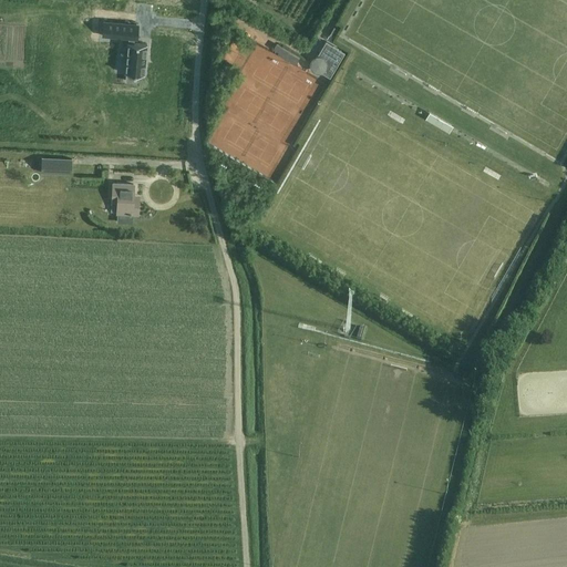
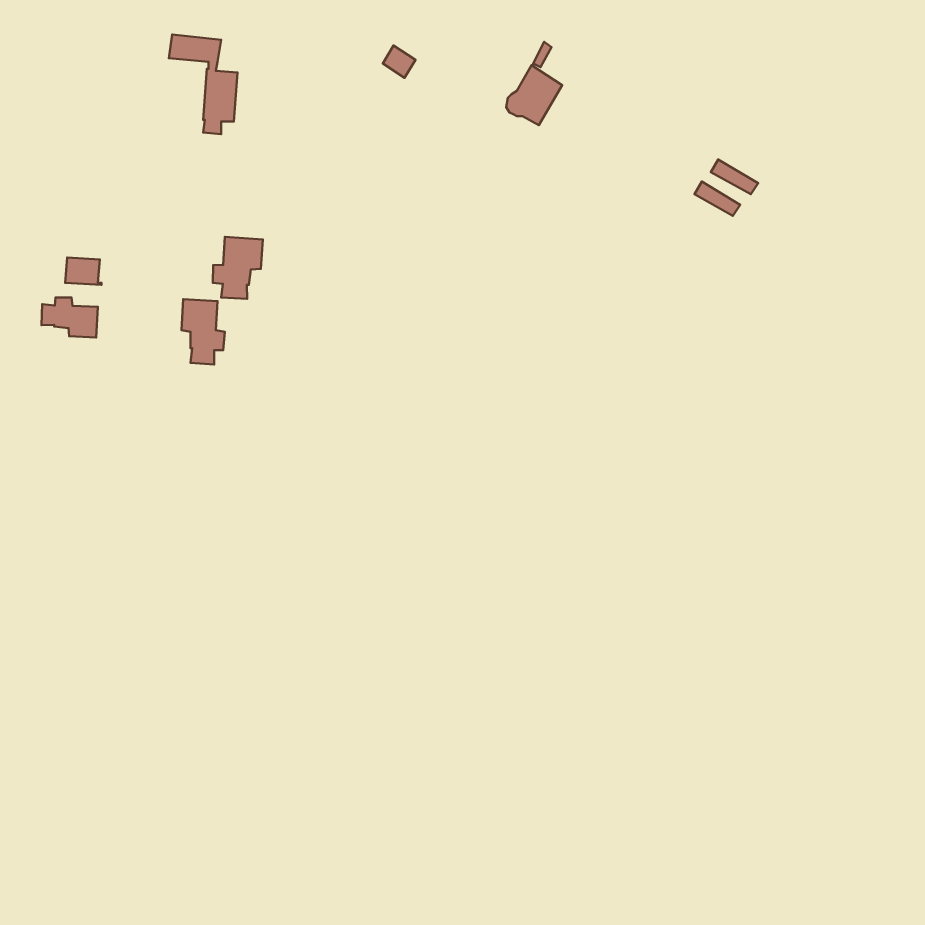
building: none -> [213,237,263,299]
building: none -> [41,297,98,338]

